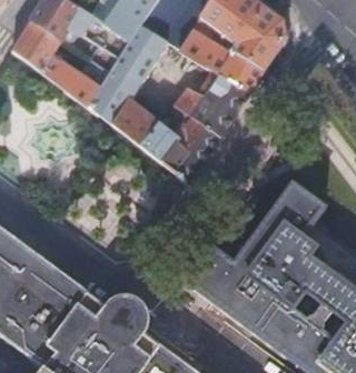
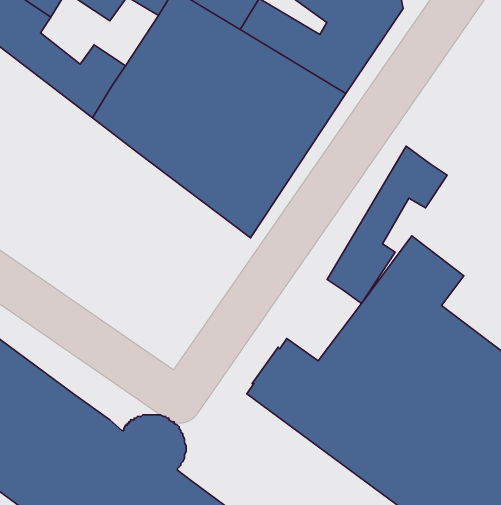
building: none -> [327,146,447,304]

